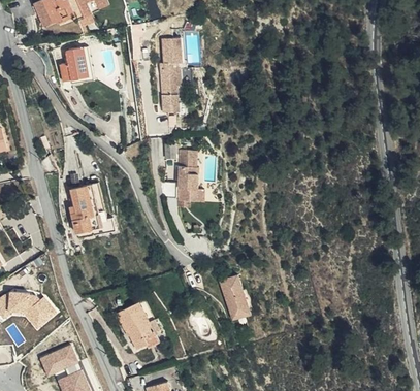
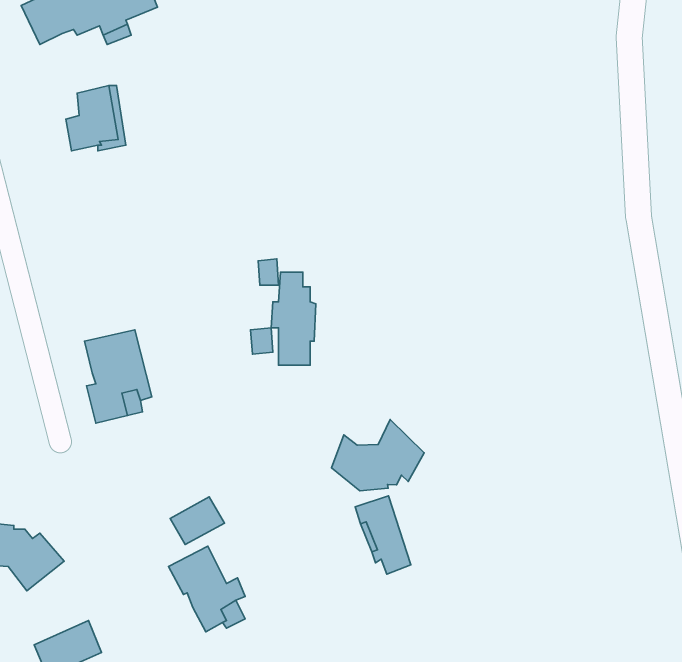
building: [158,39,180,113] -> none
building: none -> [331,419,424,491]
building: none -> [170,497,224,544]

